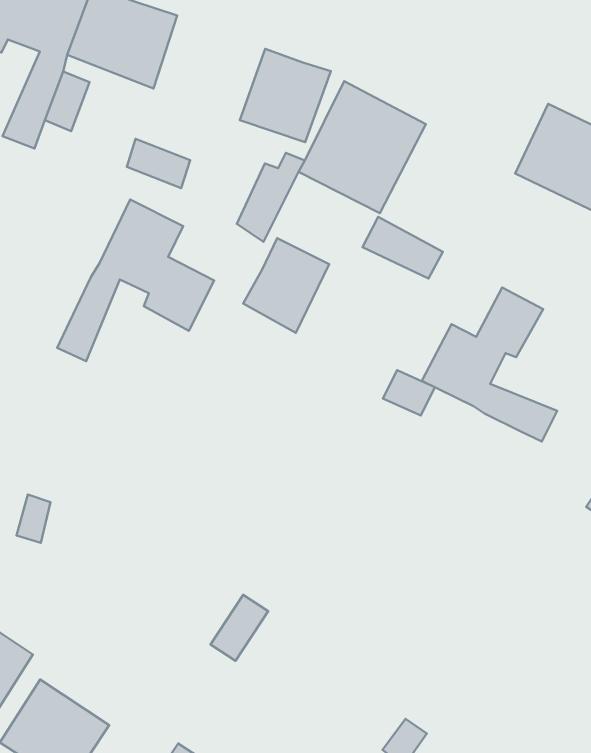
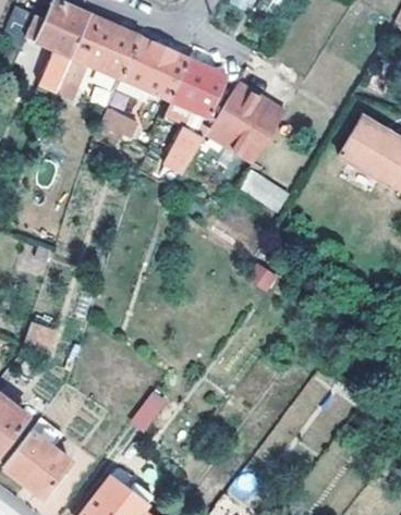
building: none -> [124,39,193,105]
building: [57,199,214,361] -> none
building: [243,238,329,333] -> none
building: [422,288,557,441] -> none

